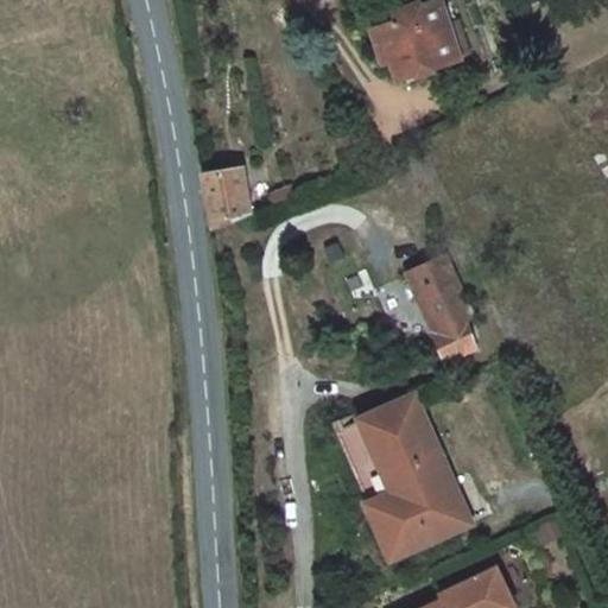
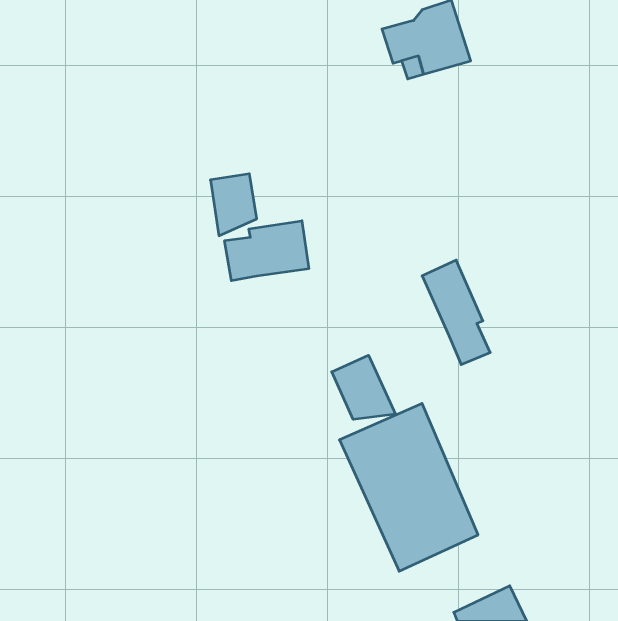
building: none -> [225,221,309,281]
building: none -> [332,355,395,419]

